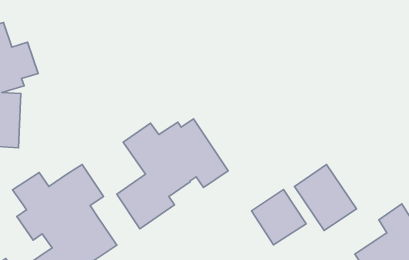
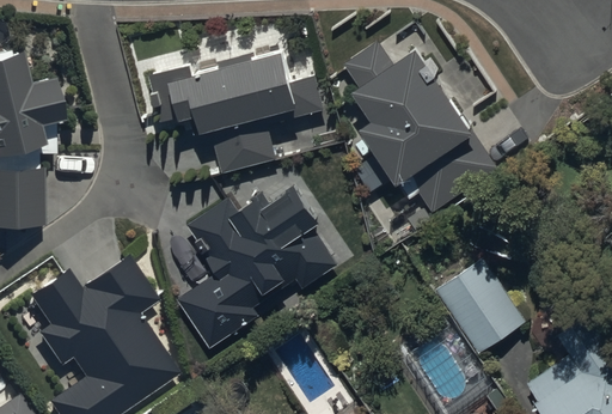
building: none -> [343,37,502,217]
building: none -> [149,50,326,172]
building: [251,190,306,245] -> none

